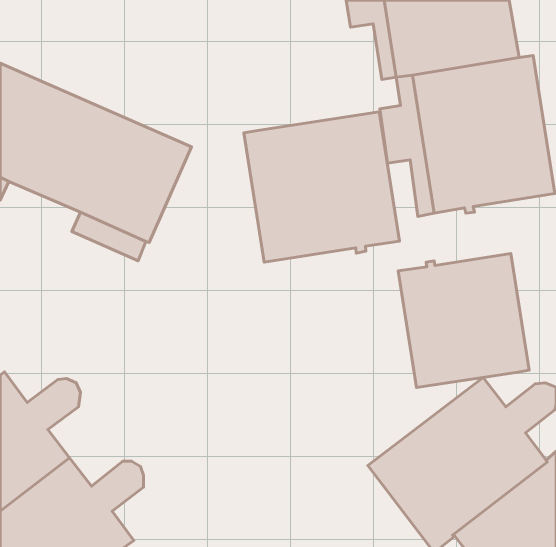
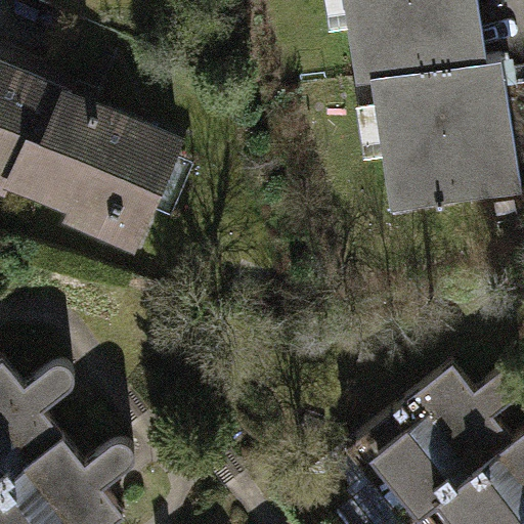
building: [244,112,400,262] -> none
building: [398,254,529,387] -> none

